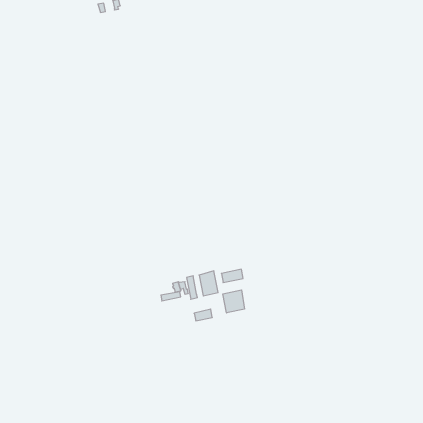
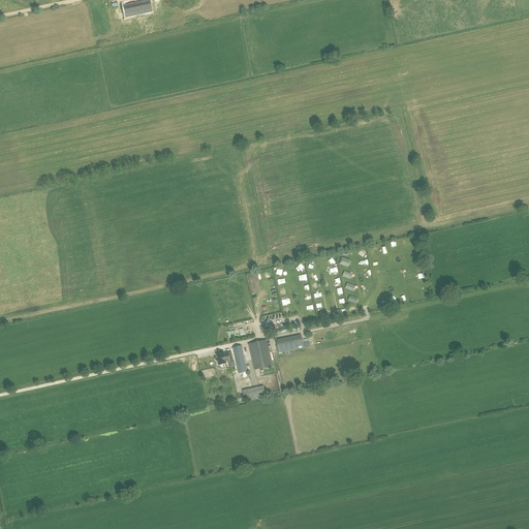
building: [223,290,244,313] -> none

